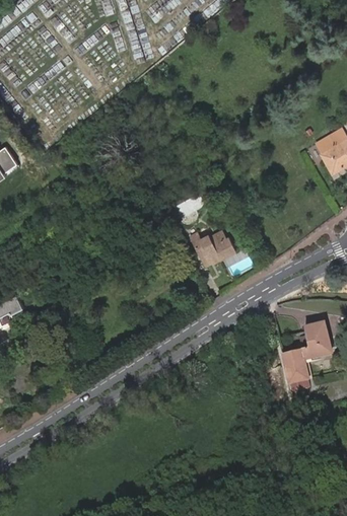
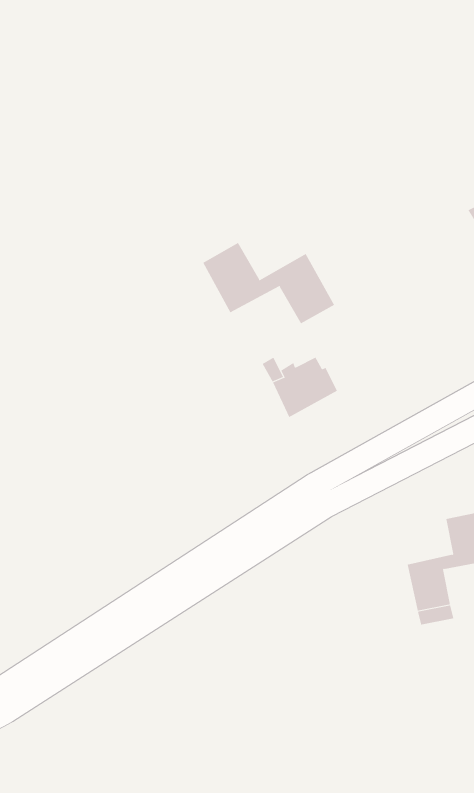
building: none -> [203,242,335,324]

